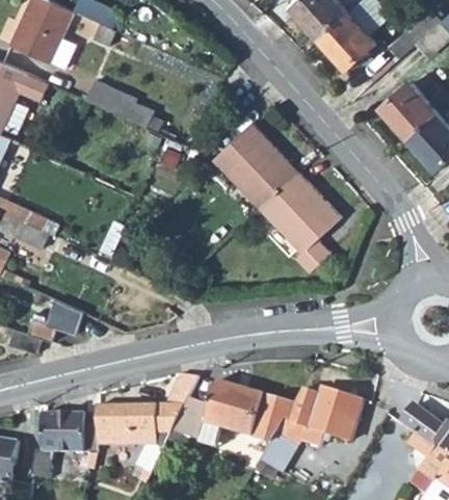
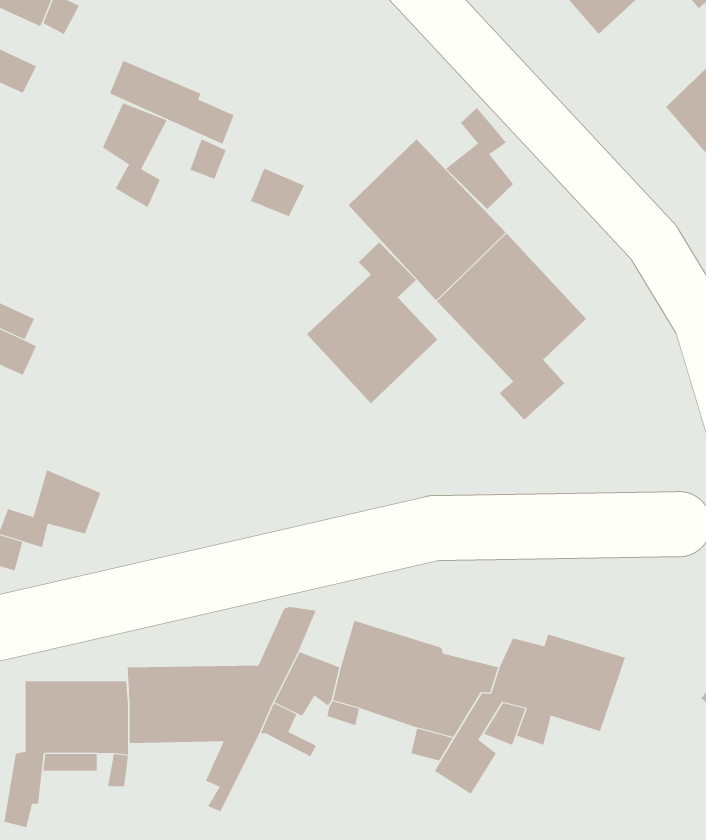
building: none -> [102,102,168,208]
building: none -> [445,107,514,210]
building: none -> [306,242,438,404]

